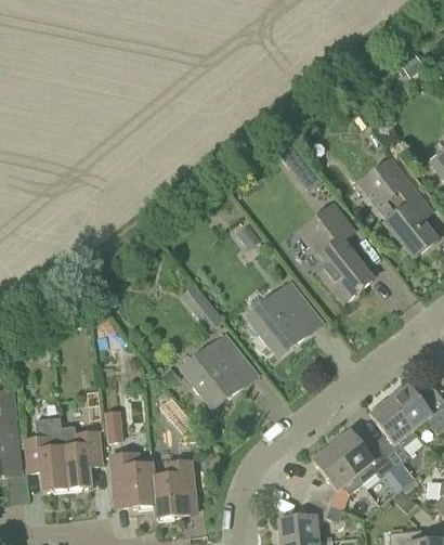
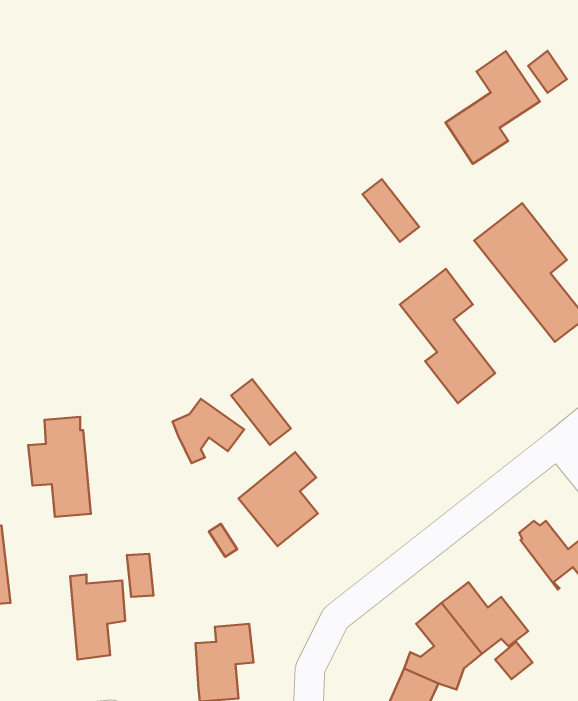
building: none -> [446,51,540,164]
building: [250,284,310,353] -> none
building: none -> [172,399,244,463]
building: [371,400,418,467] -> none
building: [24,417,69,490] -> [28,417,91,517]
building: [109,453,157,509] -> none

